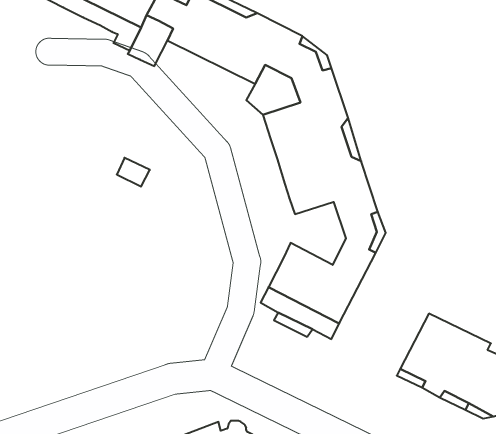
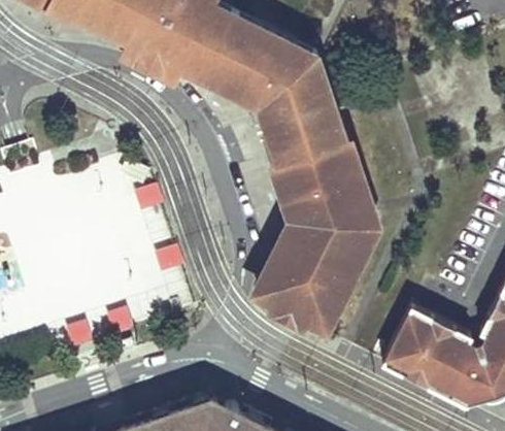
building: none -> [162,53,255,108]
building: none -> [288,203,339,262]

